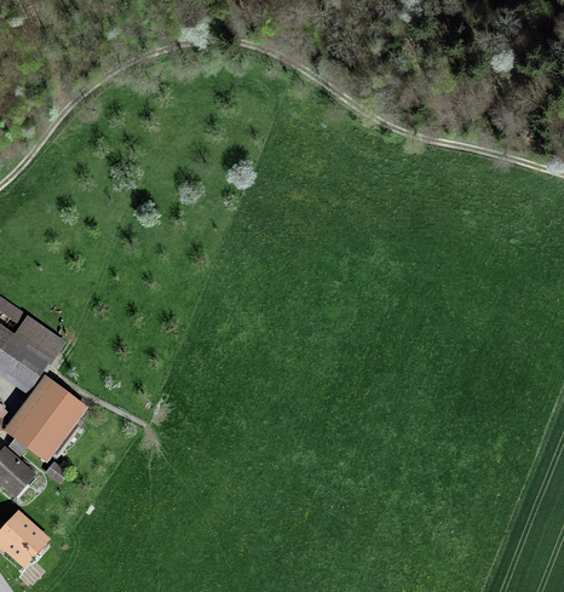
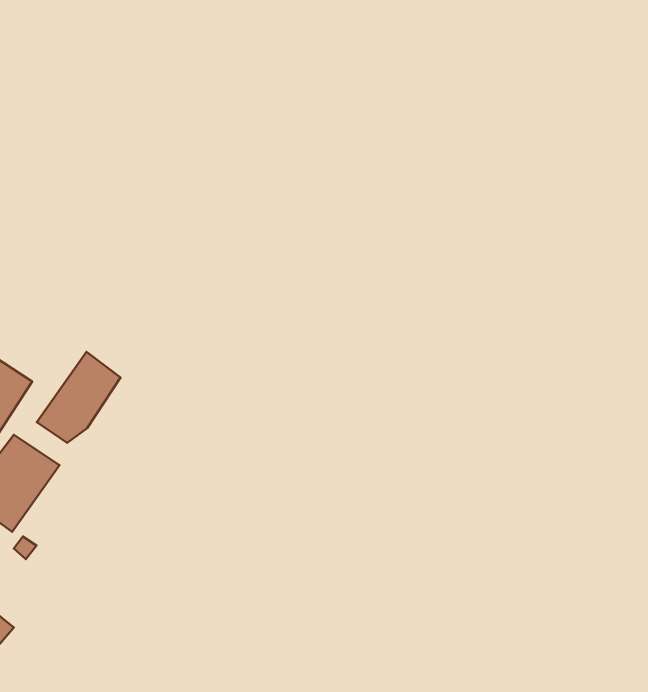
building: none -> [37,352,121,443]

